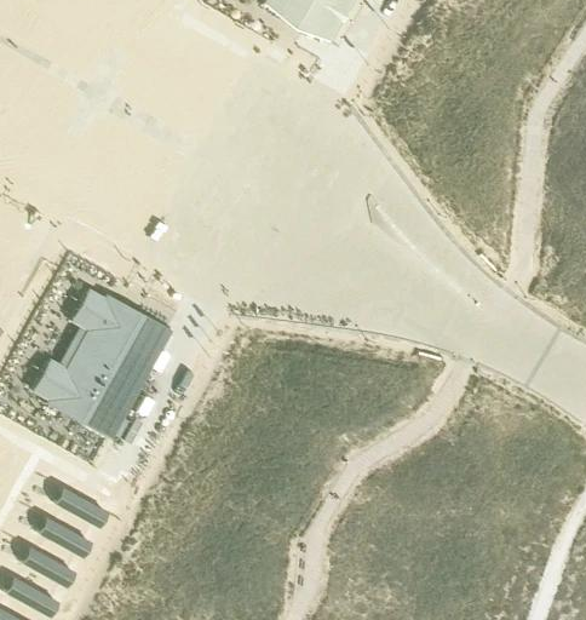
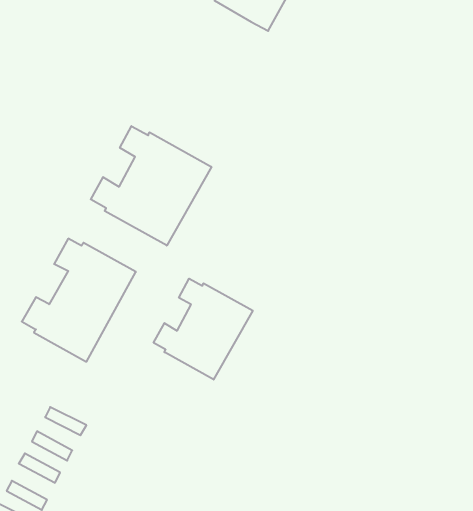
building: none -> [91,126,211,246]
building: none -> [154,279,253,380]

